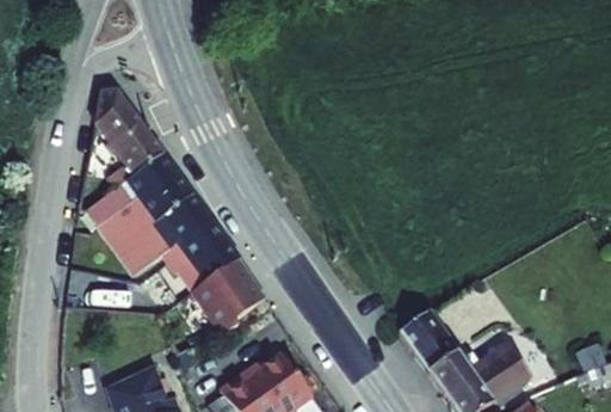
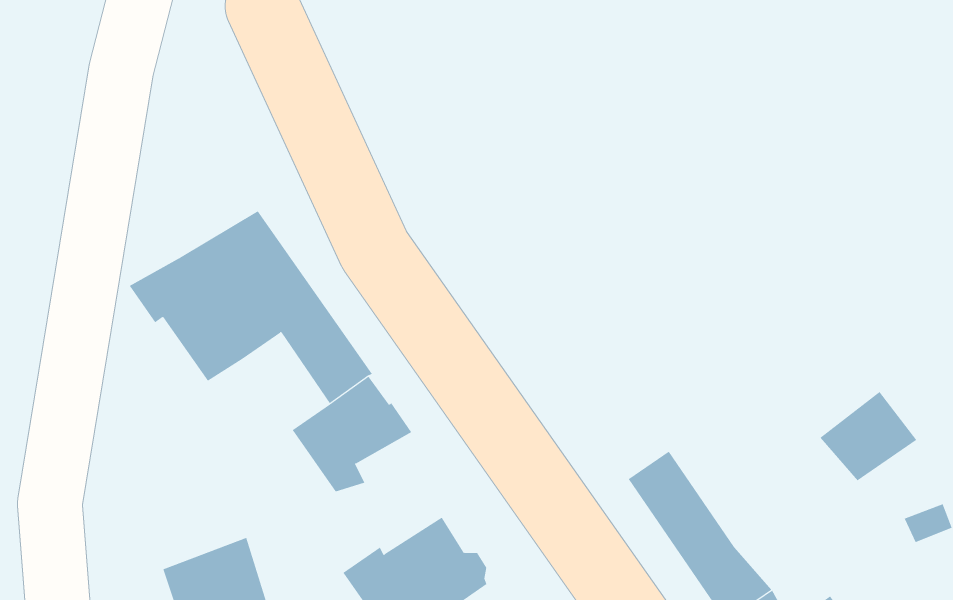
building: [97,92,167,189] -> none
building: [158,236,212,299] -> none
building: [470,343,532,400] -> [820,391,917,481]

